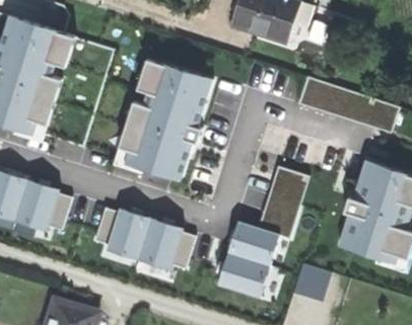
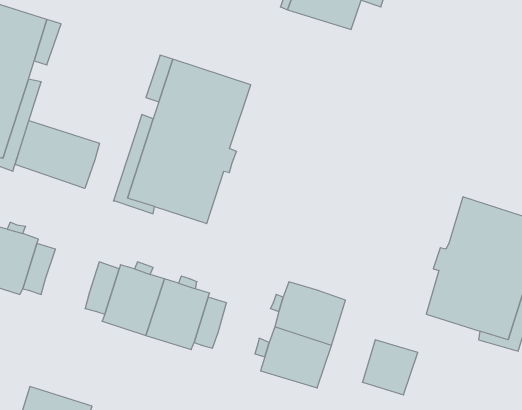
building: [298,78,398,133] -> none
building: none -> [15,121,99,188]
building: [259,166,310,237] -> none

